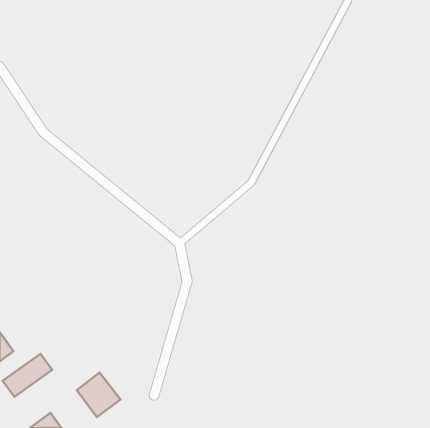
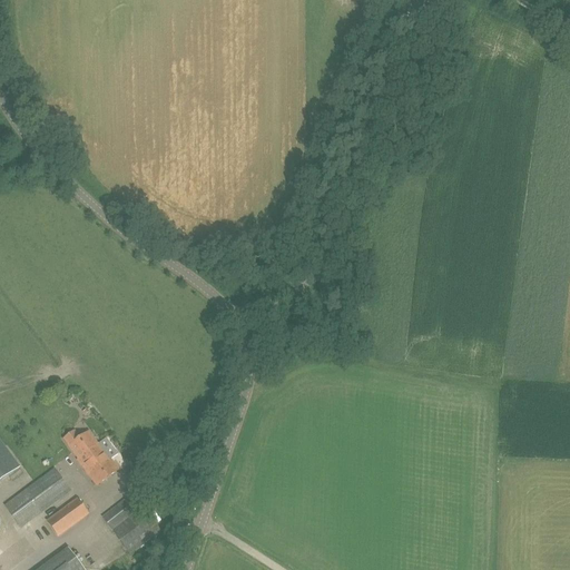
building: none -> [63,430,116,483]
building: none -> [56,497,87,527]

